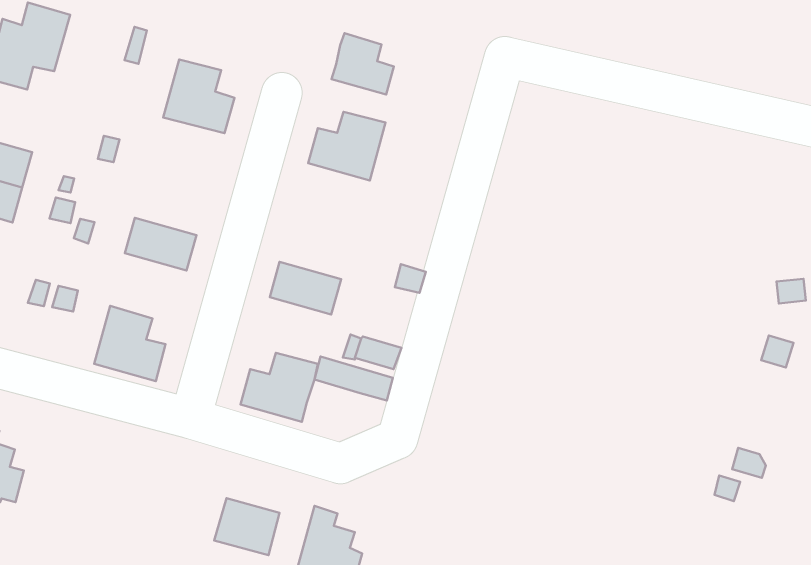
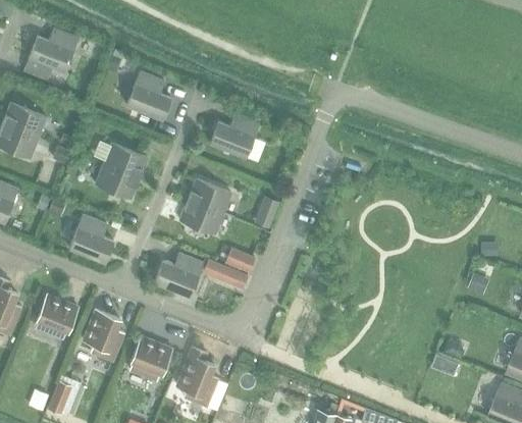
building: [331,33,394,94] -> none
building: none -> [103,143,147,177]
building: none -> [187,178,230,213]
building: none -> [37,295,76,331]
building: none -> [83,309,124,352]

